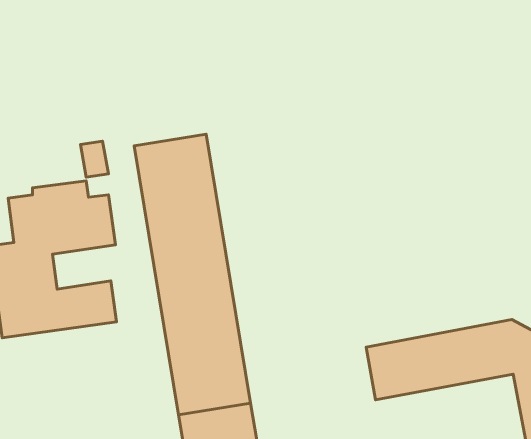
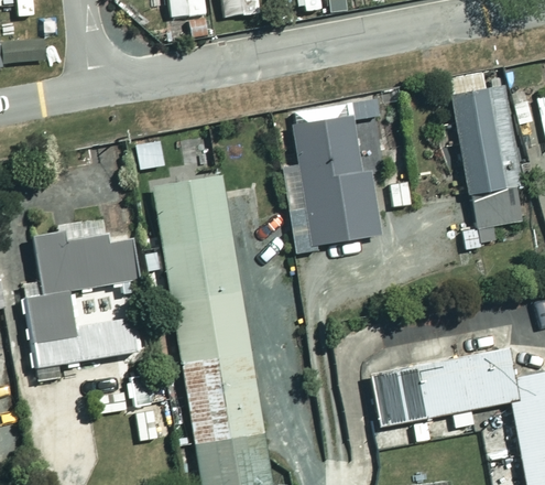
building: none -> [448,73,522,229]
building: none -> [281,98,390,252]

